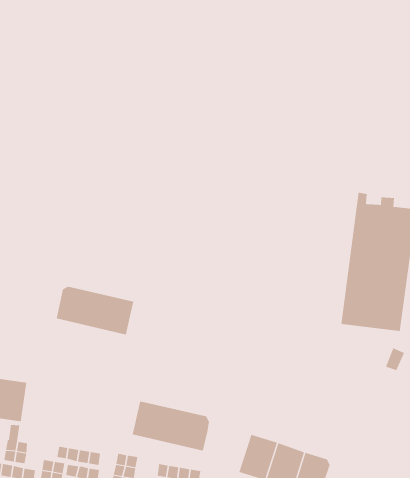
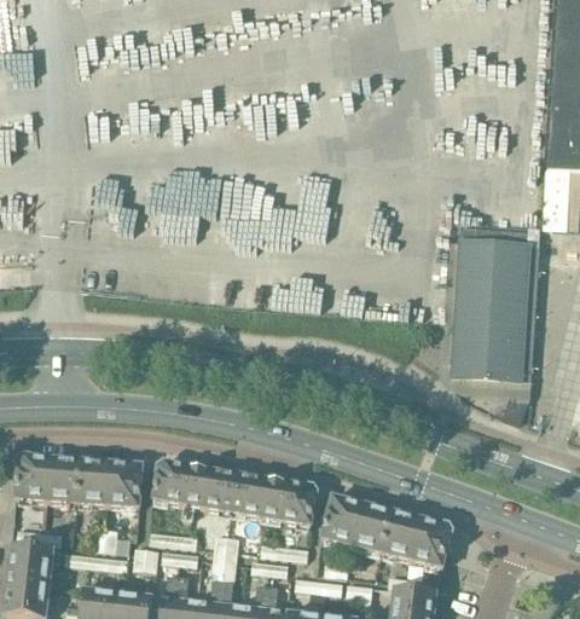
building: [56,286,134,335] -> [152,464,237,514]
building: none -> [109,464,141,510]
building: none -> [320,498,361,548]

